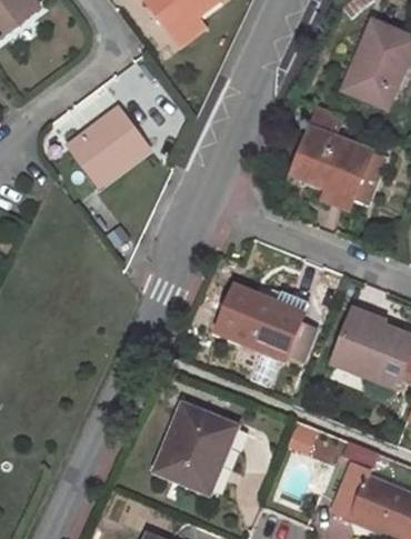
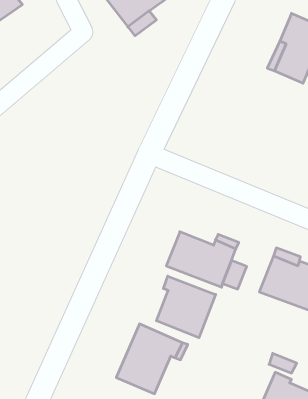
building: [66,103,149,184] -> none
building: [292,106,387,209] -> none
building: none -> [156,276,216,338]

